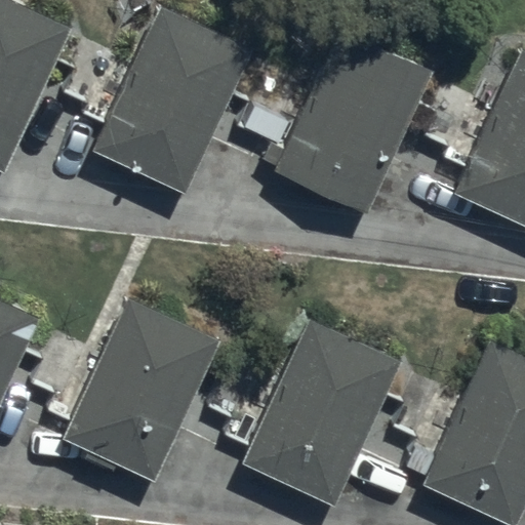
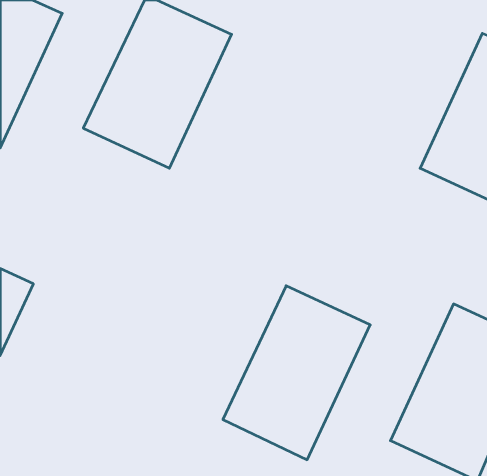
building: [273,29,432,212] -> none
building: [64,298,218,481] -> none

